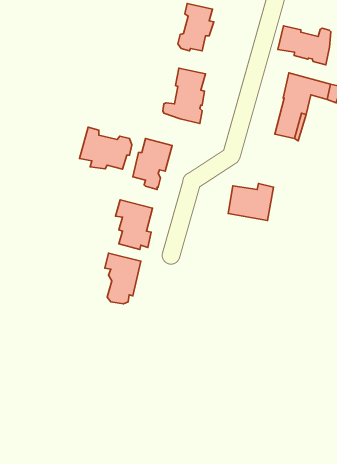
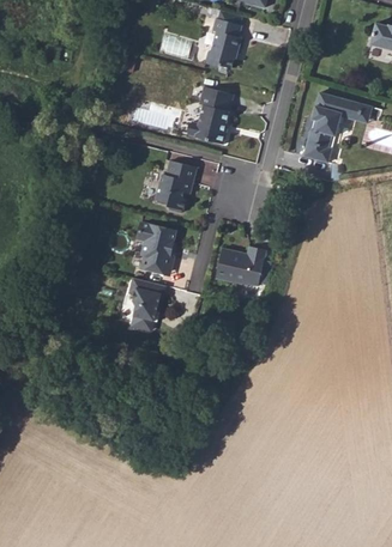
building: [278,26,331,65] -> none
building: [80,127,132,169] -> none
building: [228,184,273,221] -> [217,245,264,284]

